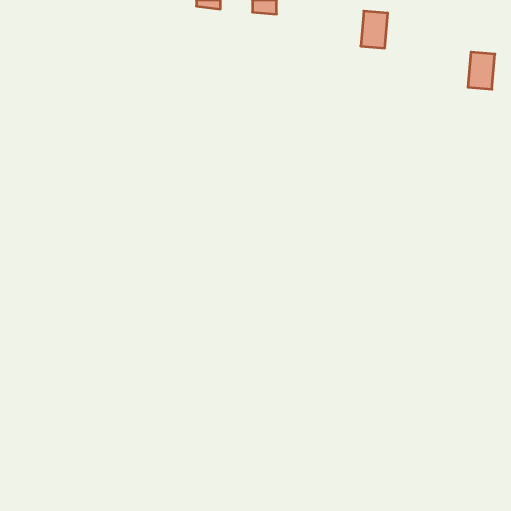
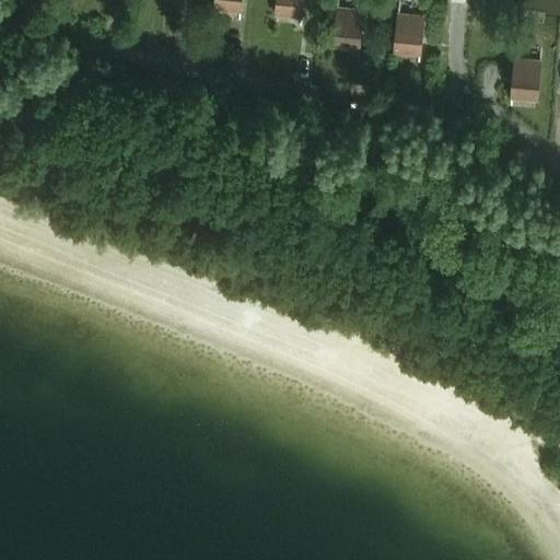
building: none -> [332,7,362,48]

